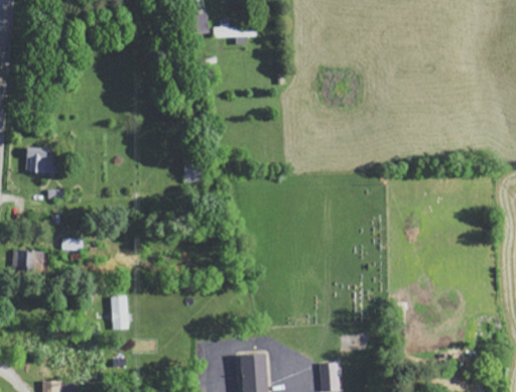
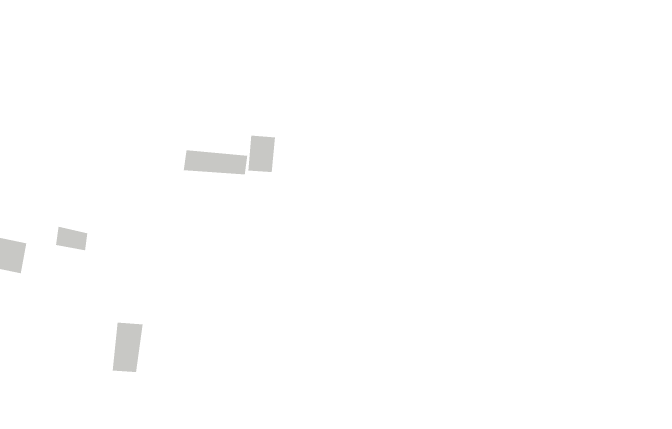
building: [26,147,57,172] -> none
building: none -> [183,150,248,175]

